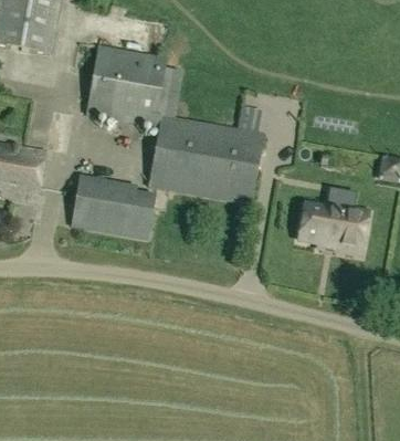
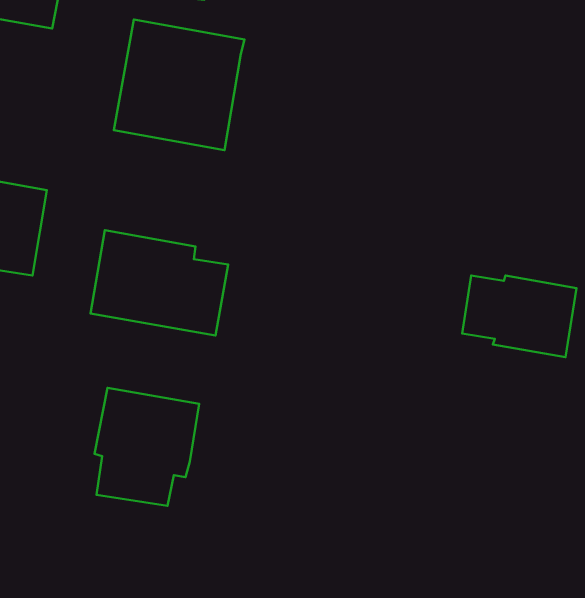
building: [149,67,263,204] -> none
building: none -> [95,388,199,506]

